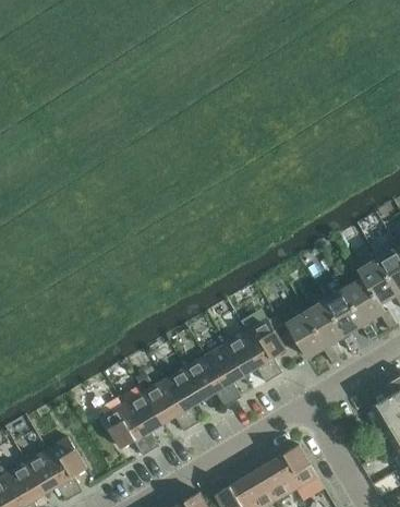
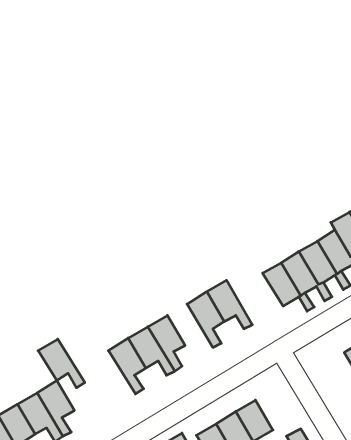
building: [247,318,287,377] -> none
building: [185,355,233,407] -> none
building: [102,405,151,456] -> [38,339,85,388]
building: [278,445,318,488] -> none

